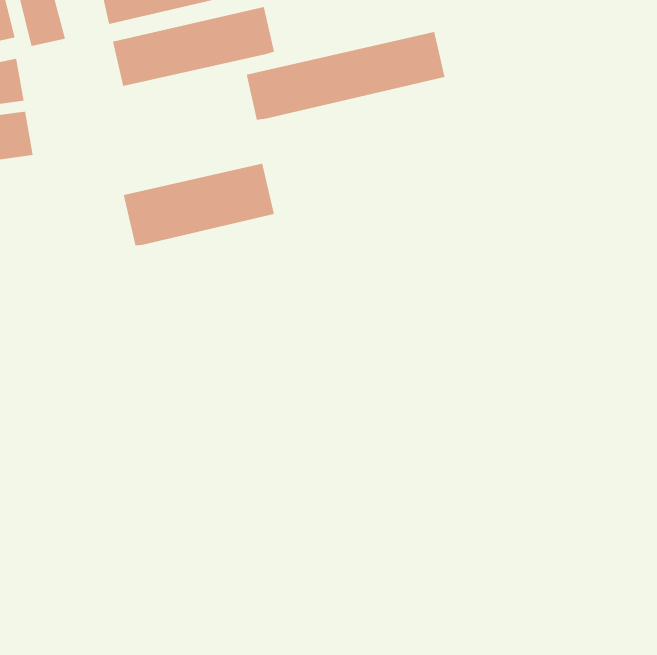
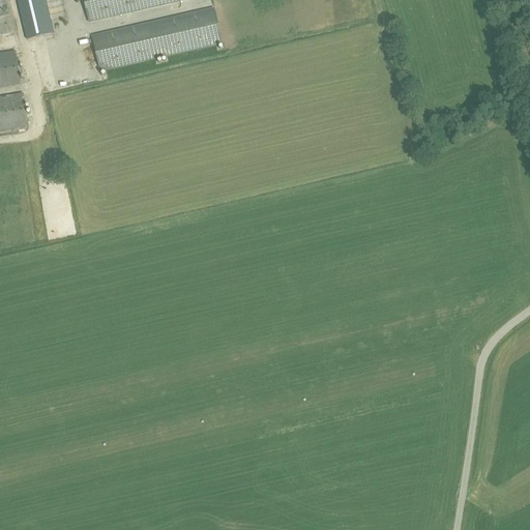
building: [246,31,445,121] -> none
building: [123,163,274,246] -> none

